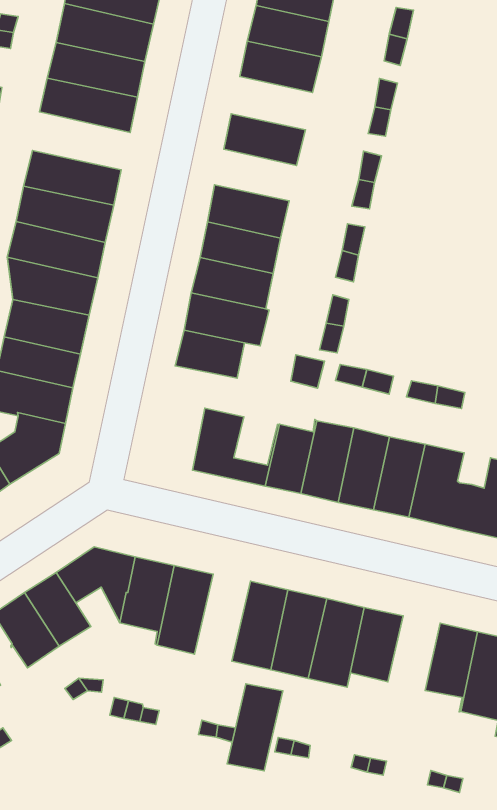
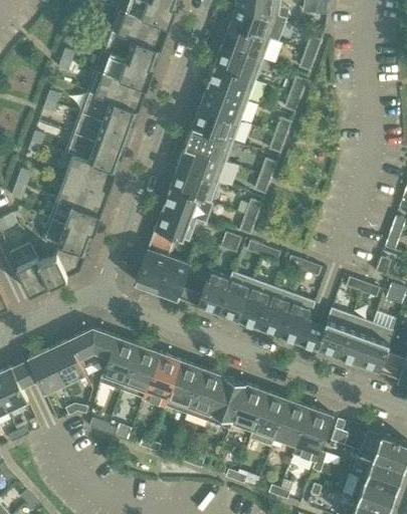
building: none -> [206,65,255,101]
building: none -> [87,70,146,110]
building: none -> [191,106,240,142]
building: none -> [135,229,189,291]
building: none -> [253,393,288,438]
building: [227,684,283,771] -> [143,353,181,406]

